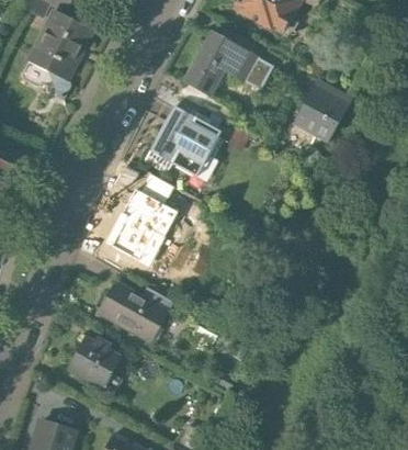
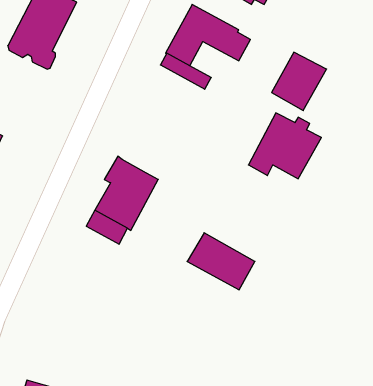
building: [145,105,220,173] -> [248,113,321,179]
building: [139,172,174,205] -> none
building: [99,280,169,339] -> [187,233,255,290]
building: [66,329,117,387] -> none

